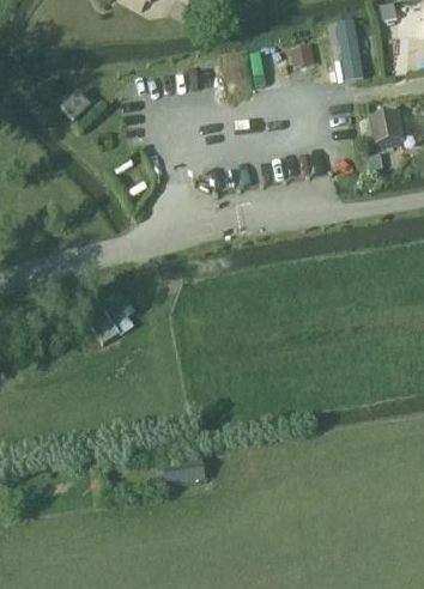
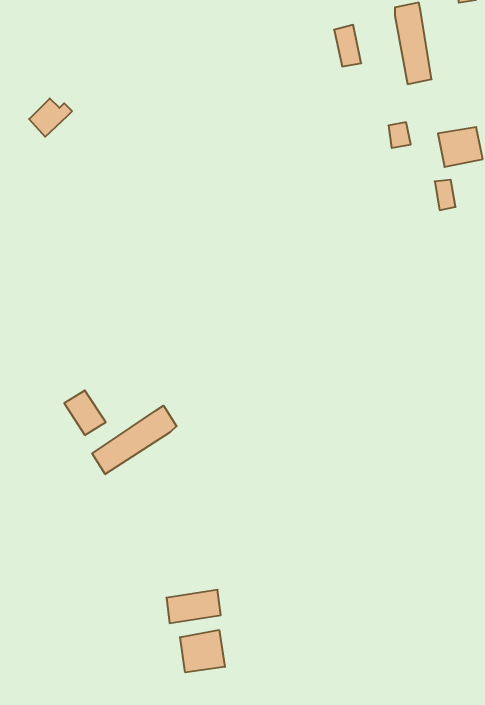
building: none -> [92,406,177,474]
building: none -> [180,630,225,672]

